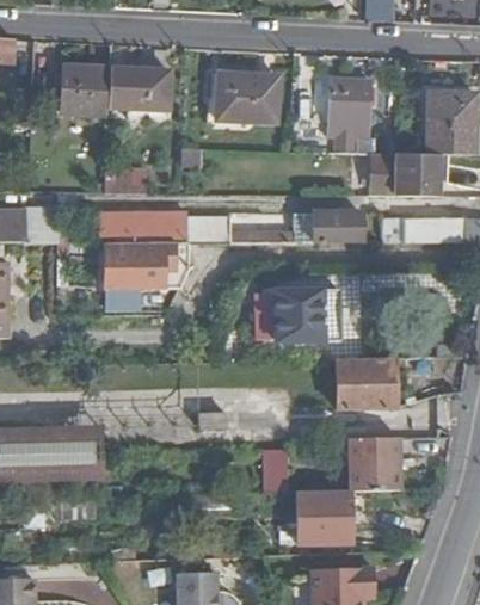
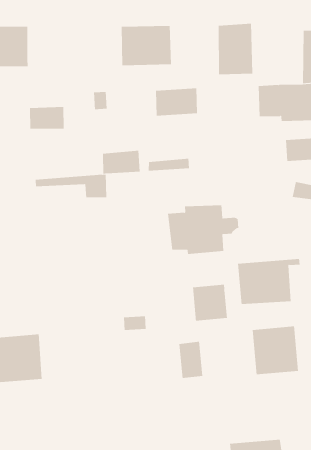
building: [109,68,171,109] -> none
building: [312,214,362,243] -> [155,88,198,116]
building: [99,217,177,246] -> none
building: [107,254,165,288] -> none
building: none -> [192,284,228,322]
building: [296,488,350,536] -> none

